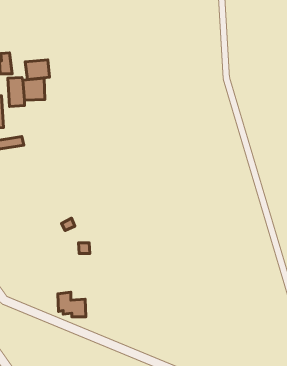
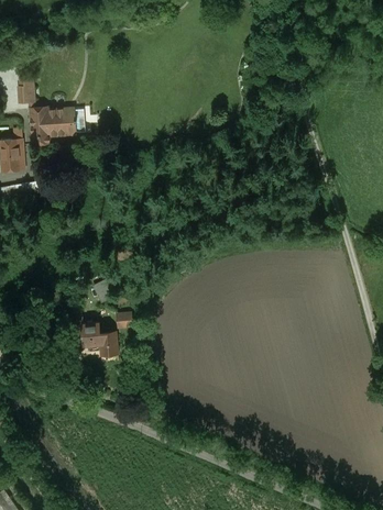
building: [25,60,49,80] -> none
building: [58,292,86,317] -> [81,322,117,353]

